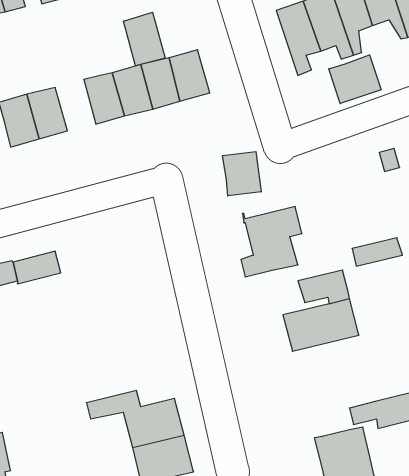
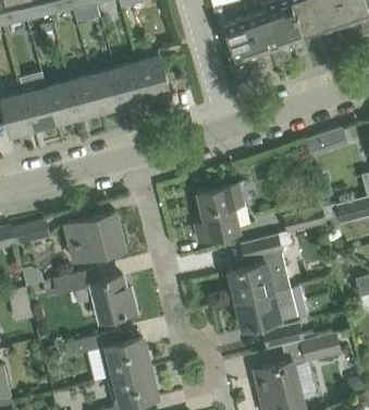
building: [124,12,165,66] -> none
building: [329,55,381,104] -> none
building: none -> [46,81,78,122]
building: [223,152,261,196] -> none
building: none -> [65,212,124,261]
building: none -> [42,269,136,322]
building: none -> [236,287,297,329]
building: none -> [263,323,303,349]

